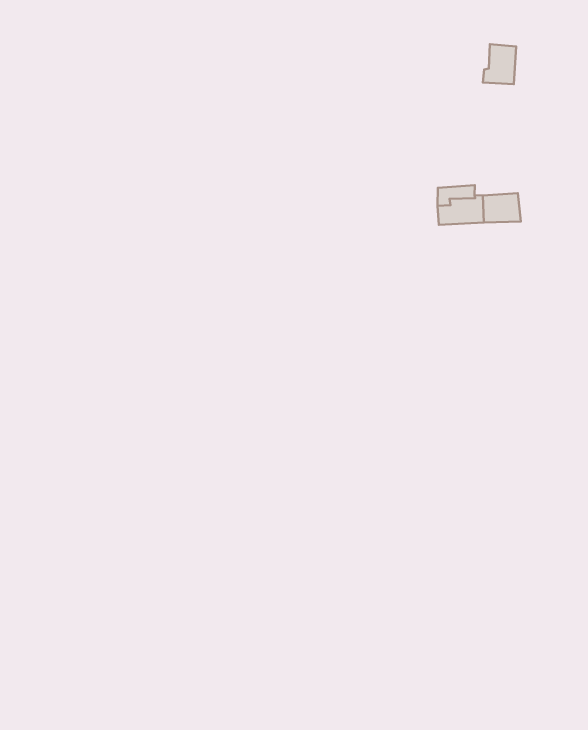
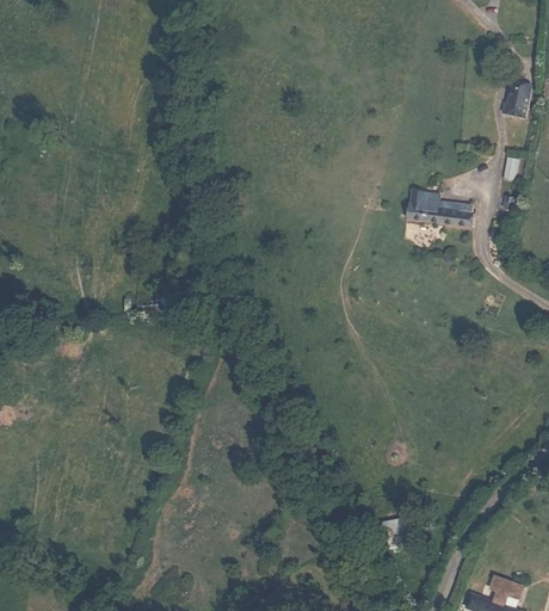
building: [483,44,516,84] -> [501,79,530,111]

